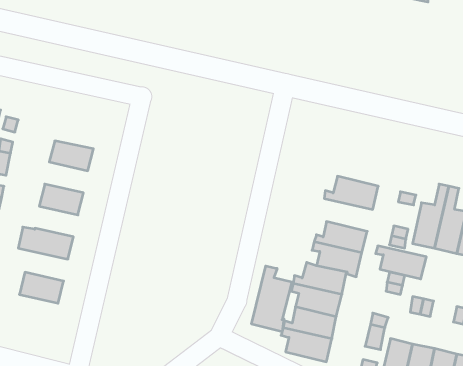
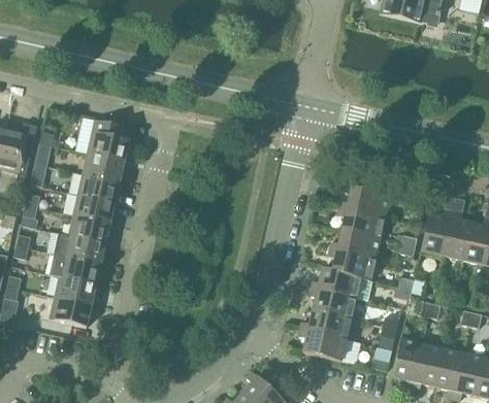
building: none -> [88,120,129,162]
building: none -> [78,174,119,203]
building: none -> [69,215,109,244]
building: [376,246,426,279] -> [337,208,385,239]
building: none -> [48,255,100,286]
building: [252,266,292,332] -> none
building: none -> [51,298,91,327]

